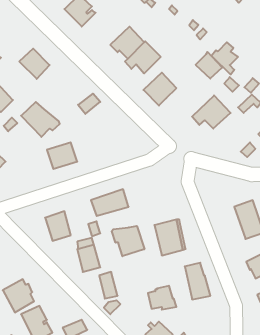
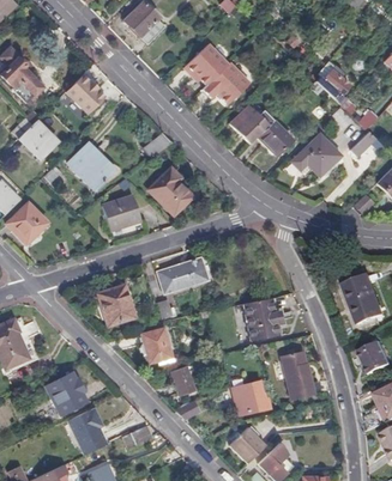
building: [196,52,222,79] -> [258,121,293,156]
building: none -> [149,166,192,214]
building: [112,226,144,256] -> none

